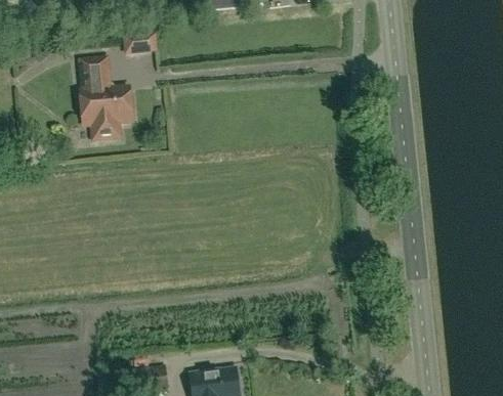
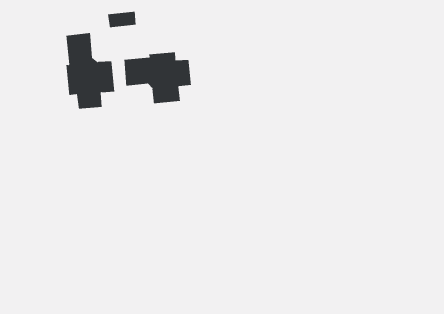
building: none -> [124,51,191,104]

